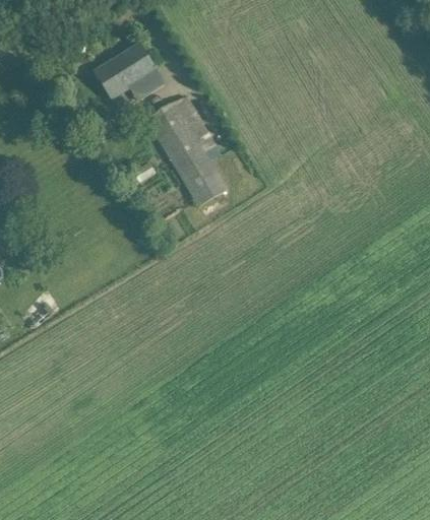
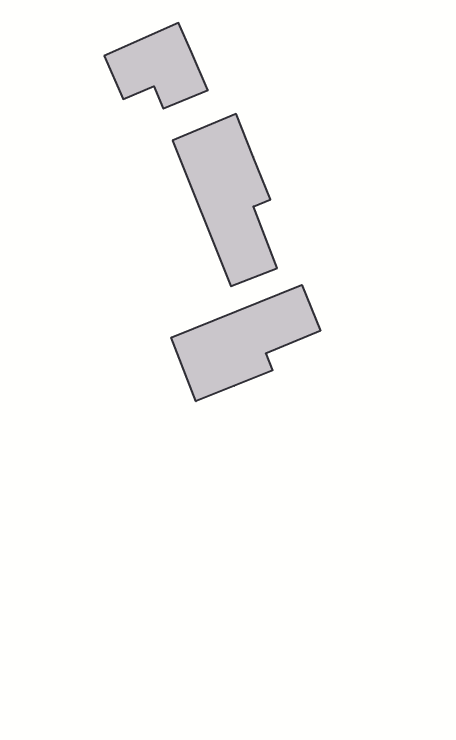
building: none -> [171,285,320,401]

